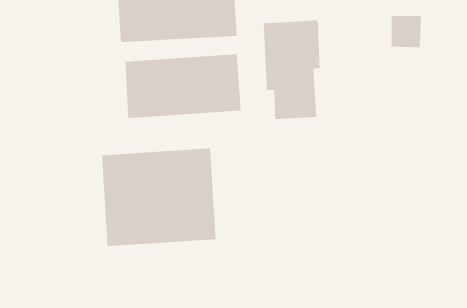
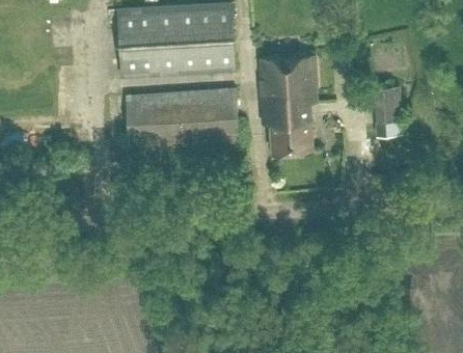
building: none -> [374,87,401,123]
building: [101,148,217,247] -> none

